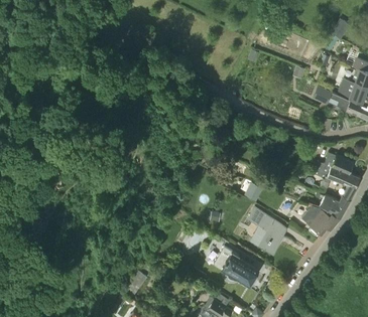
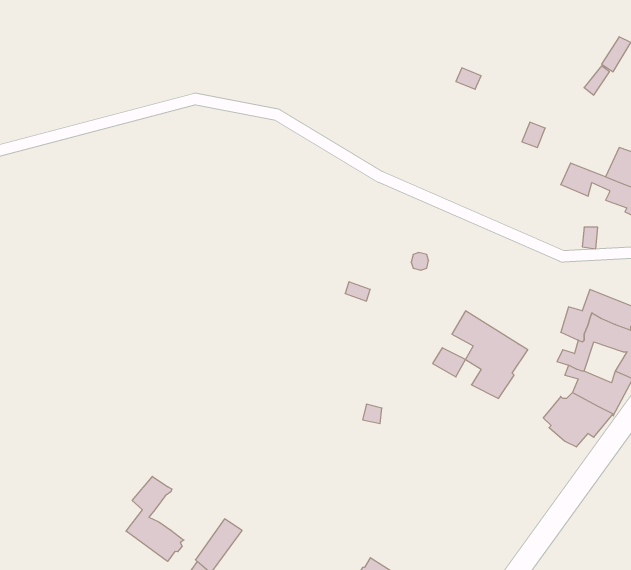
building: [248,207,287,253] -> [452,311,528,398]
building: [214,246,258,285] -> none
building: none -> [126,476,184,561]

